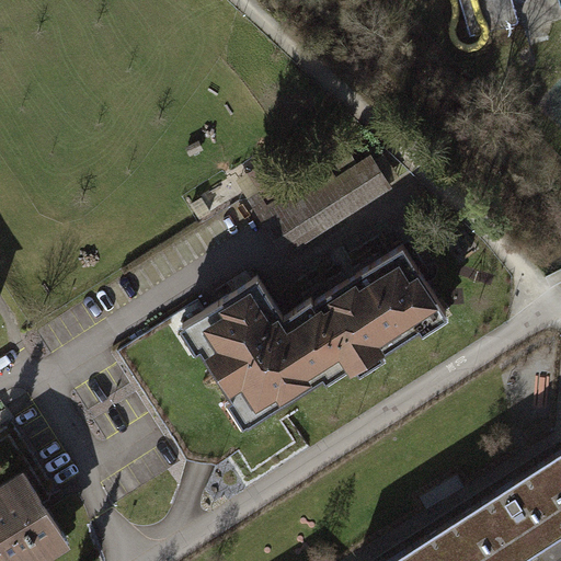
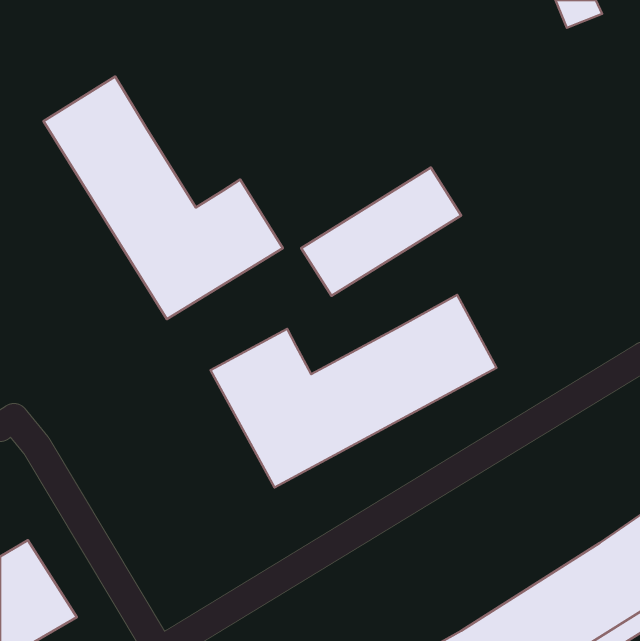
building: none -> [44,76,283,319]

